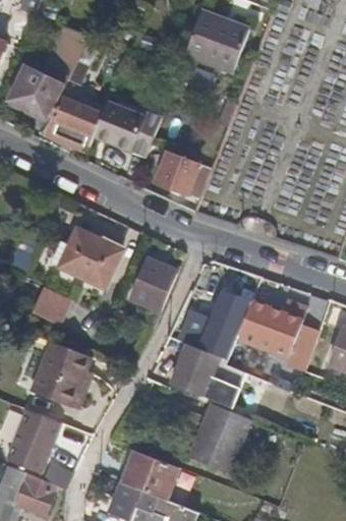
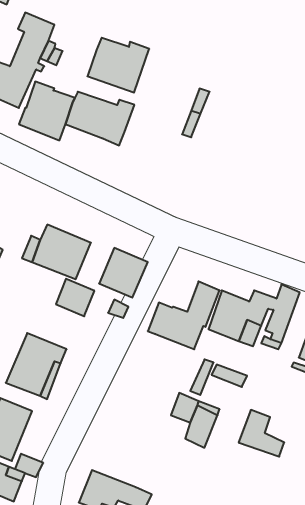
building: [186,15,248,70] -> [87,38,149,93]
building: [159,149,201,193] -> none
building: [38,289,76,327] -> [56,279,94,316]
building: [171,345,219,396] -> none
building: [188,426,234,473] -> [239,410,284,457]
building: [121,451,178,499] -> none

